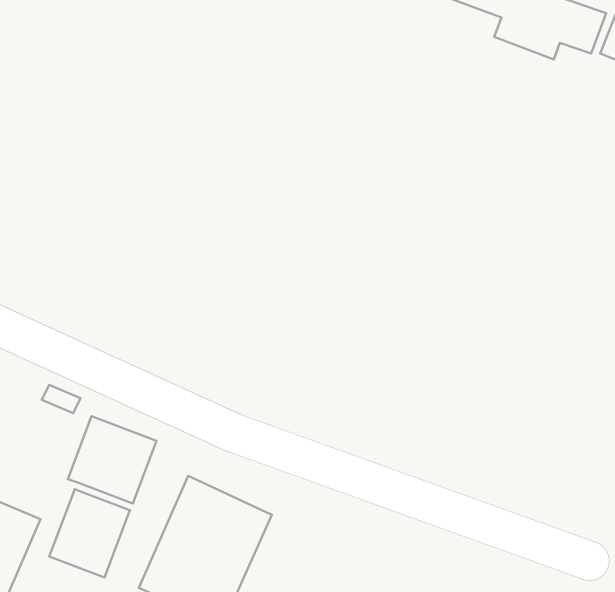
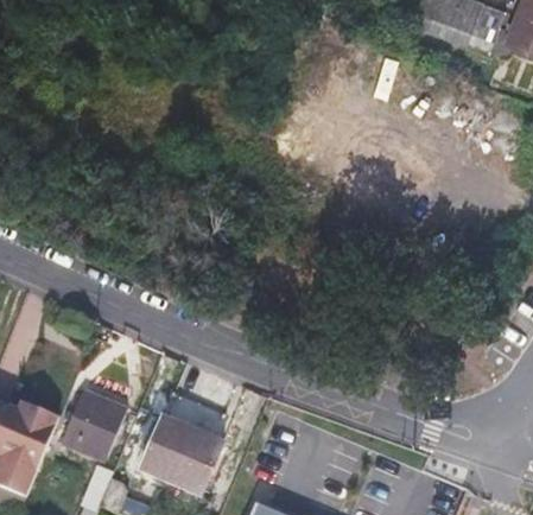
building: [68,416,157,504] -> none

